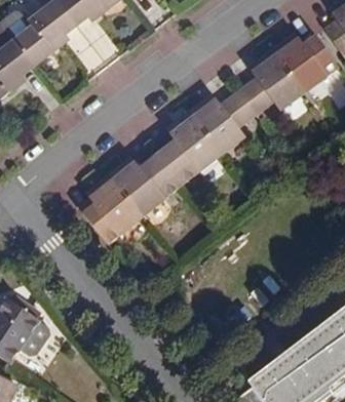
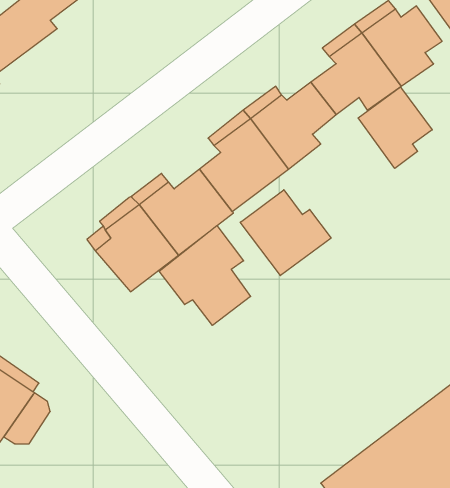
building: none -> [358,87,432,168]
building: none -> [240,190,331,276]
building: none -> [159,226,251,325]

